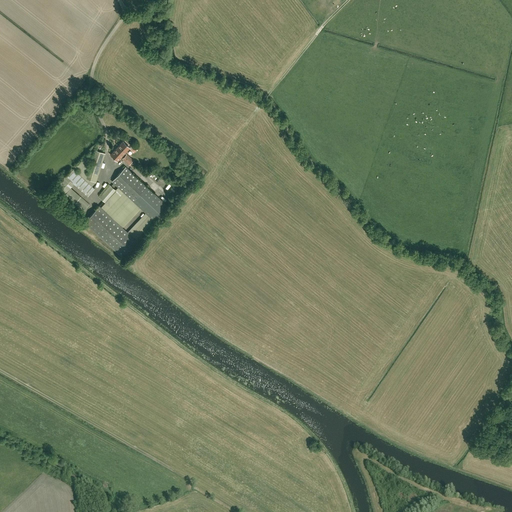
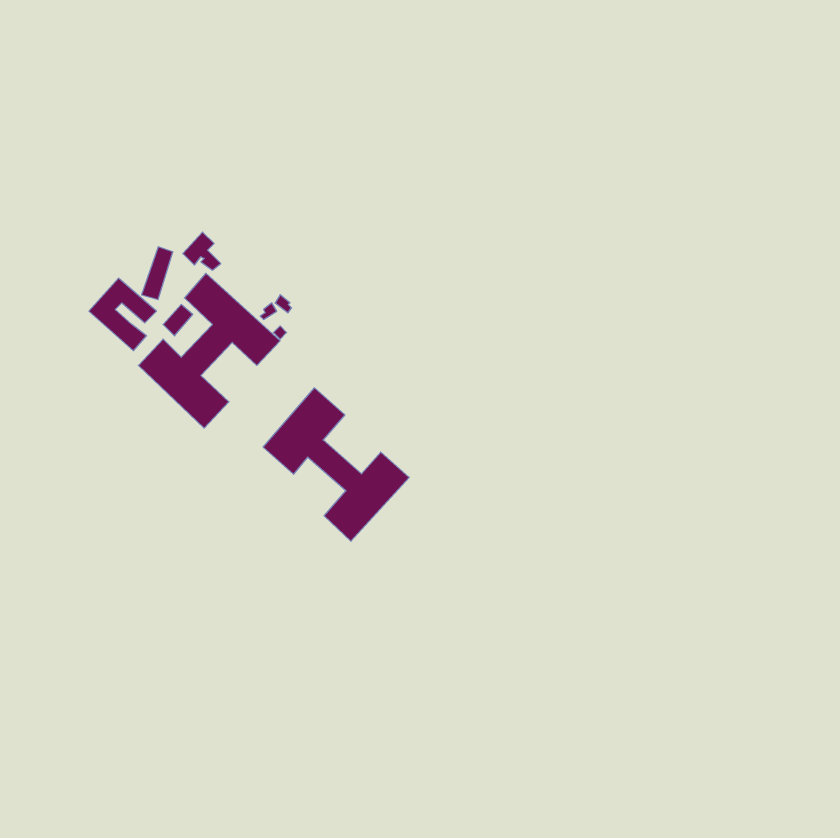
building: none -> [263,388,409,541]

